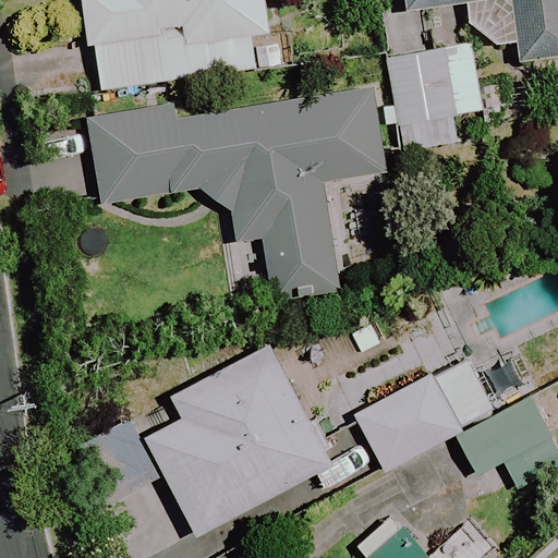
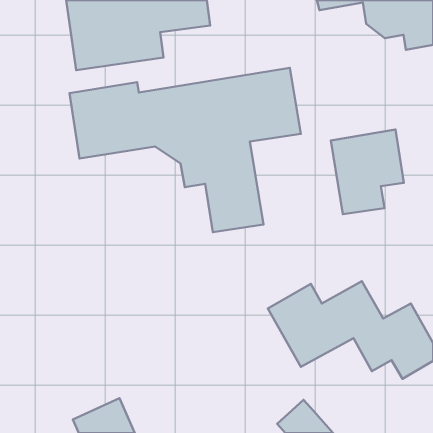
building: [389,44,483,153] -> [331,129,404,214]
building: [77,344,333,535] -> none

